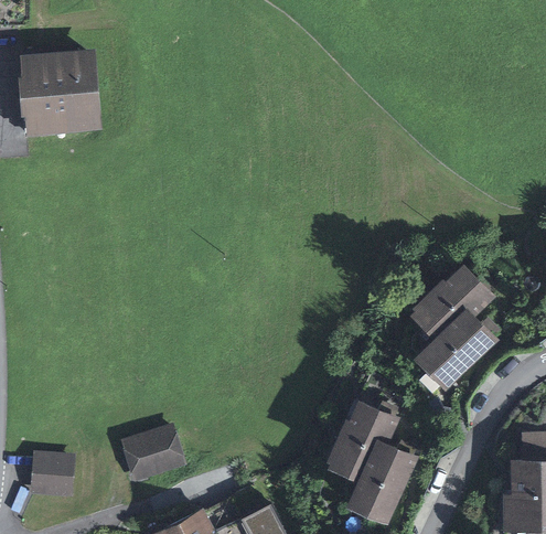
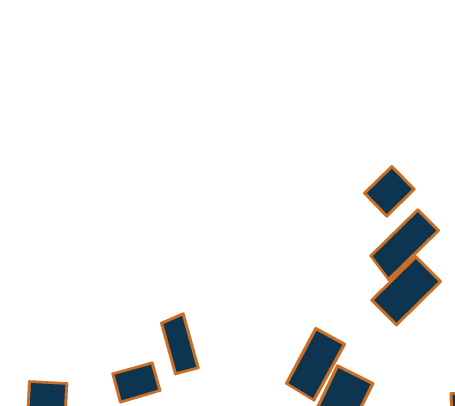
building: [22,61,95,130] -> none
building: none -> [364,166,414,216]
building: none -> [161,314,198,374]

